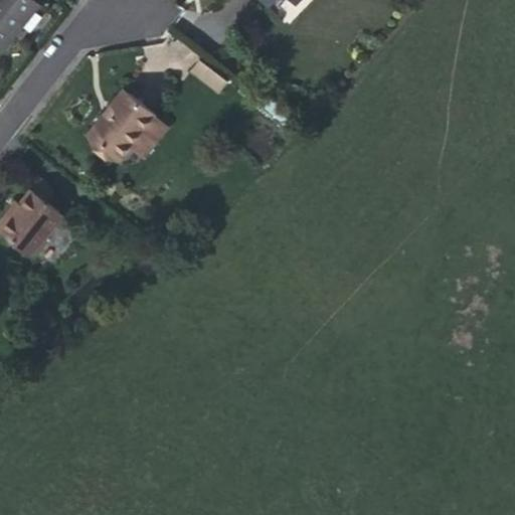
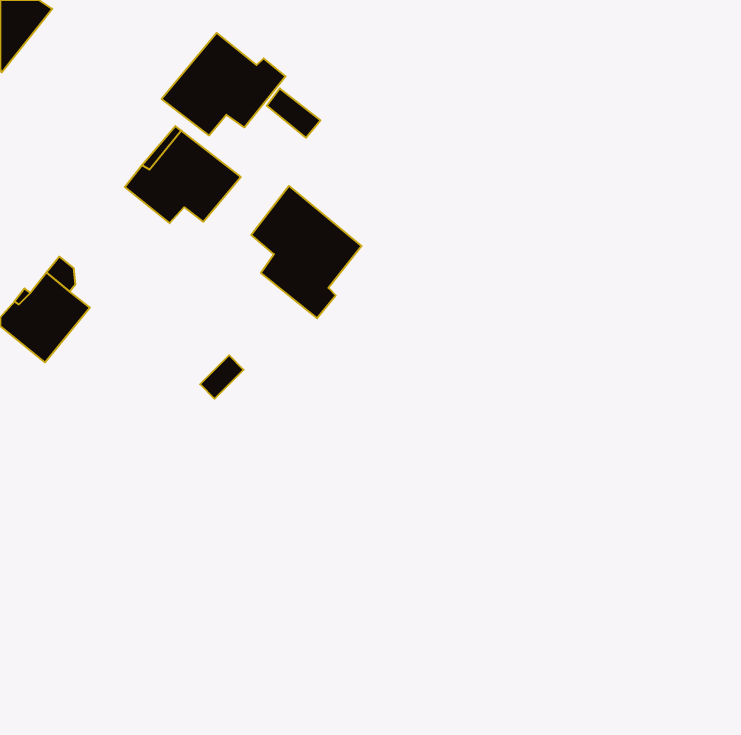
building: none -> [162,33,286,135]
building: none -> [251,186,362,318]

